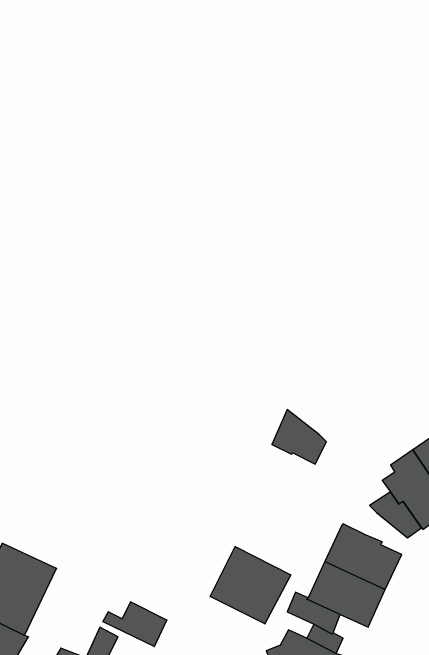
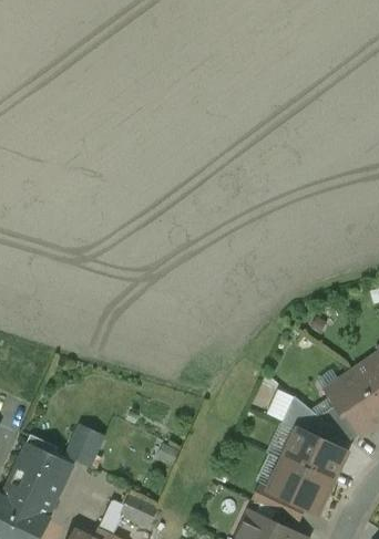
building: [272,410,326,464] -> [281,395,325,438]
building: none -> [68,425,103,464]
building: [210,547,291,624] -> none

